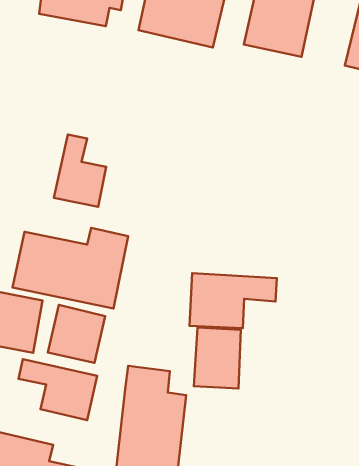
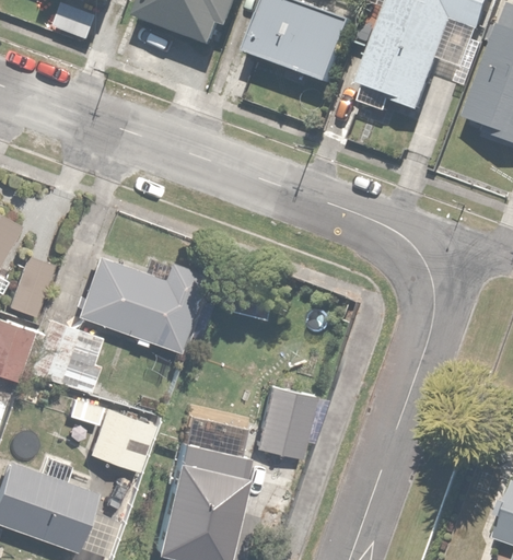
building: [54,135,106,207] -> none
building: [190,273,277,328] -> none
building: [48,305,105,363] -> none

